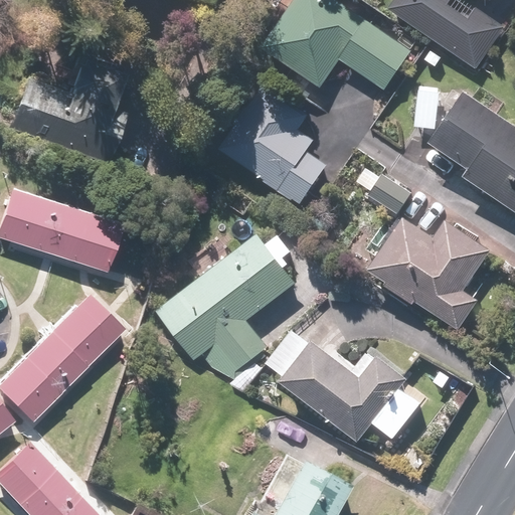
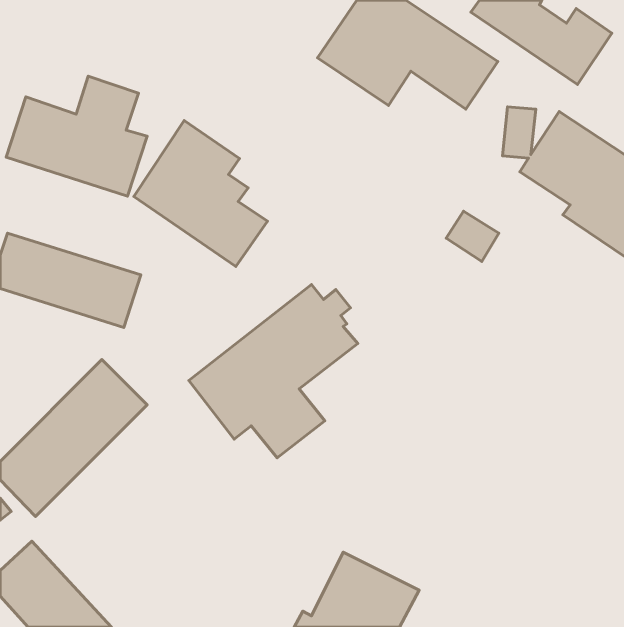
building: [217,83,327,203] -> [134,120,268,266]
building: [369,217,487,326] -> none
building: [266,330,420,439] -> none

